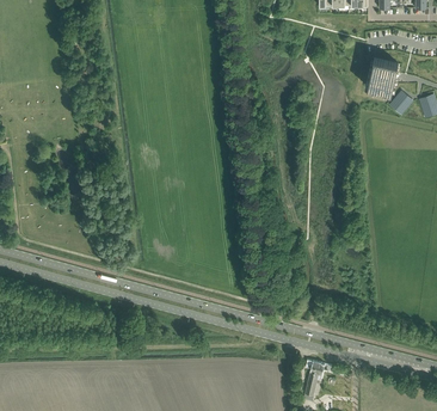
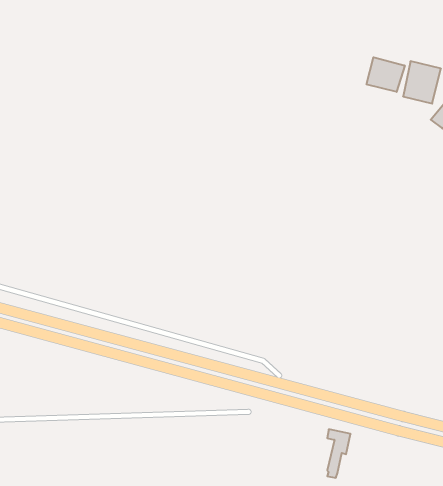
building: none -> [367,57,405,92]

